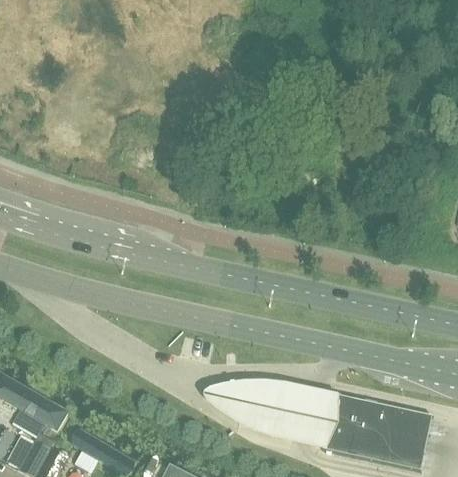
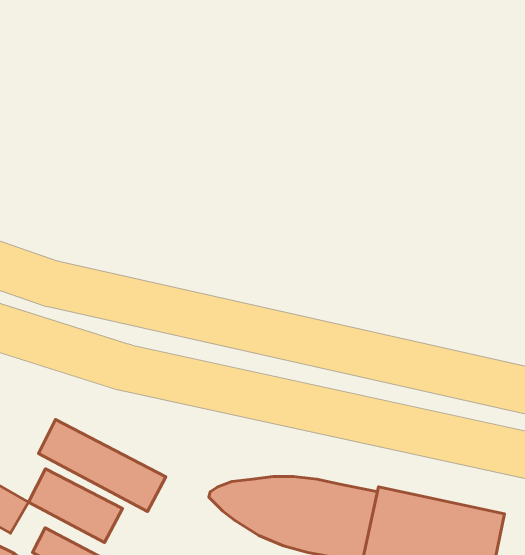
building: none -> [39,419,166,511]
building: none -> [29,469,122,543]

